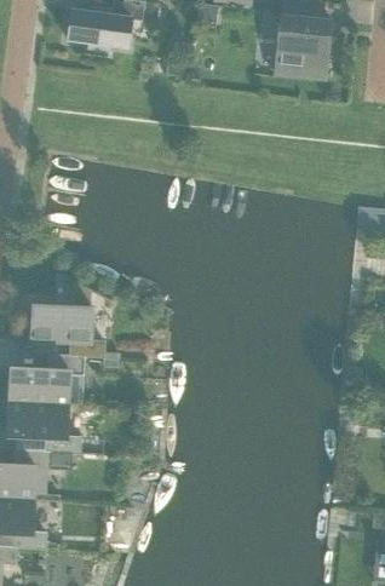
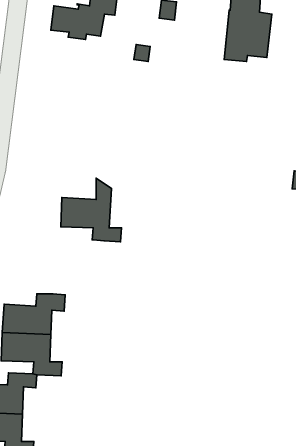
building: [31,280,104,356] -> [61,178,121,242]

